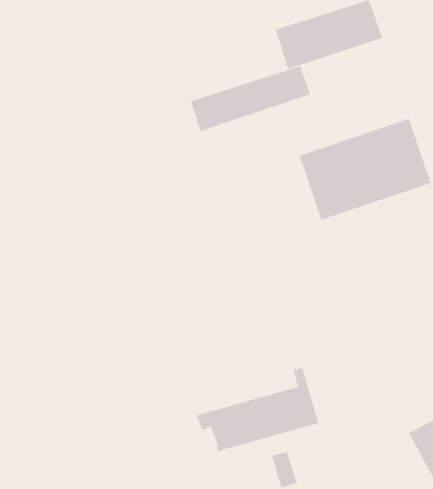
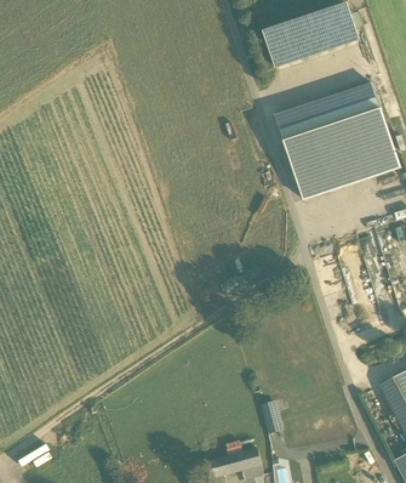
building: [190,65,311,132] -> [275,83,381,141]
building: [196,367,319,452] -> none

